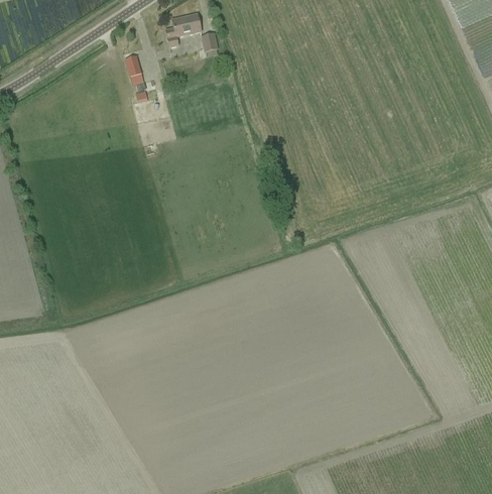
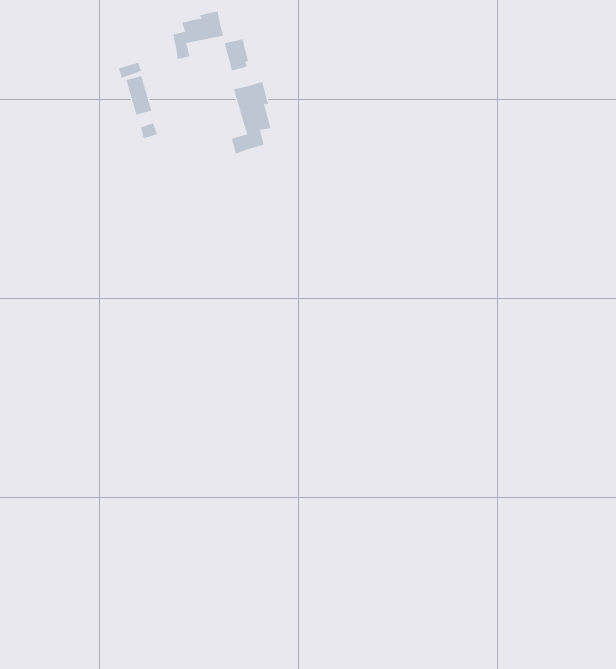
building: none -> [231,81,271,154]

